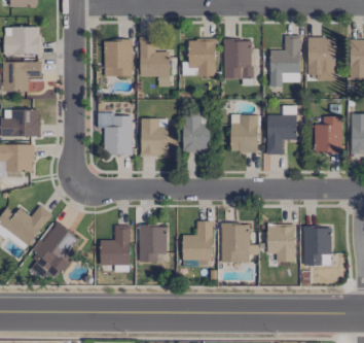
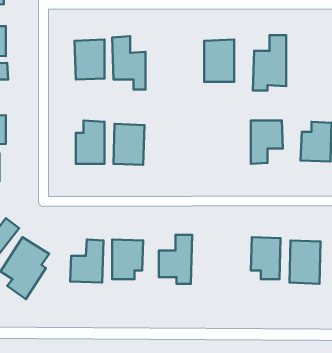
building: [307,37,336,80] -> none
building: [188,39,216,76] -> none
building: [183,114,211,151] -> none
building: [231,114,258,152] -> none
building: [221,224,257,263] -> none

